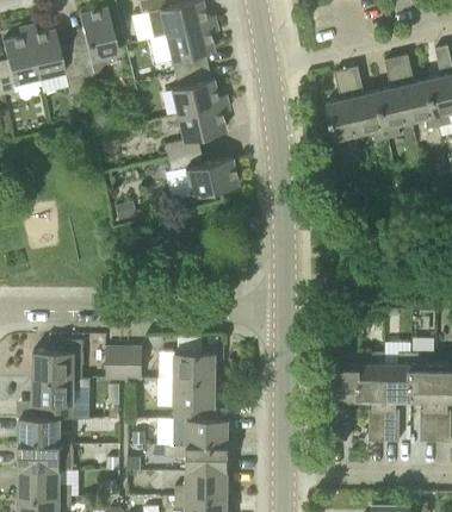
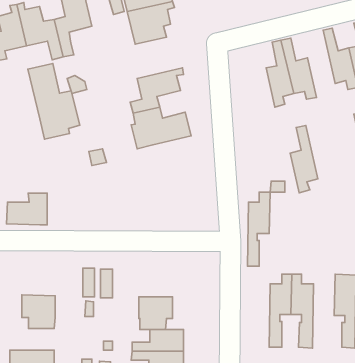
building: [378,58,411,139] -> [290,126,318,193]
building: [166,67,227,117] -> none
building: none -> [28,64,80,139]
building: [32,341,81,379] -> [7,193,47,225]
building: [174,352,215,380] -> none
building: [384,352,411,442] -> [247,192,270,266]
building: [18,418,72,444] -> none

